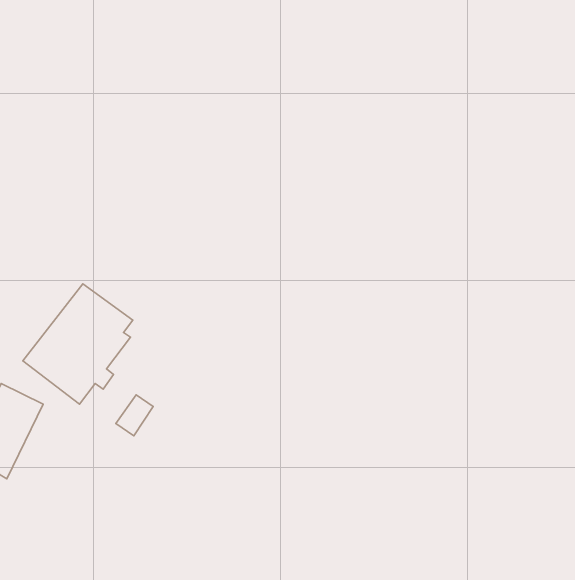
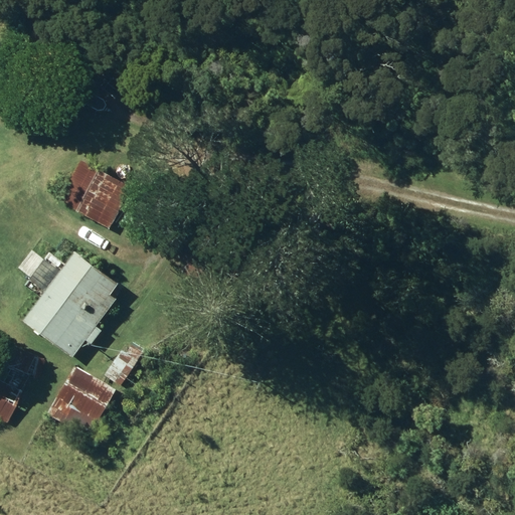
building: none -> [57,160,131,229]
building: none -> [57,367,115,422]

